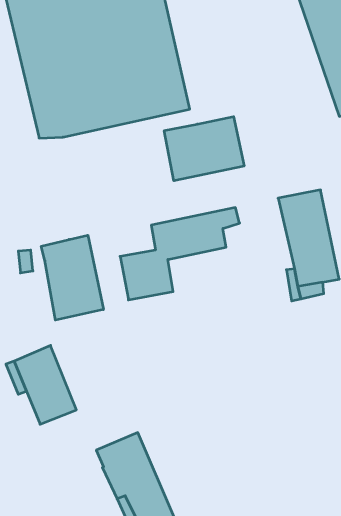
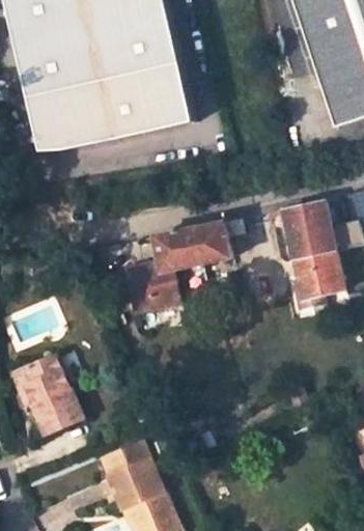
building: [164,117,244,181] -> none
building: [41,235,103,320] -> none

